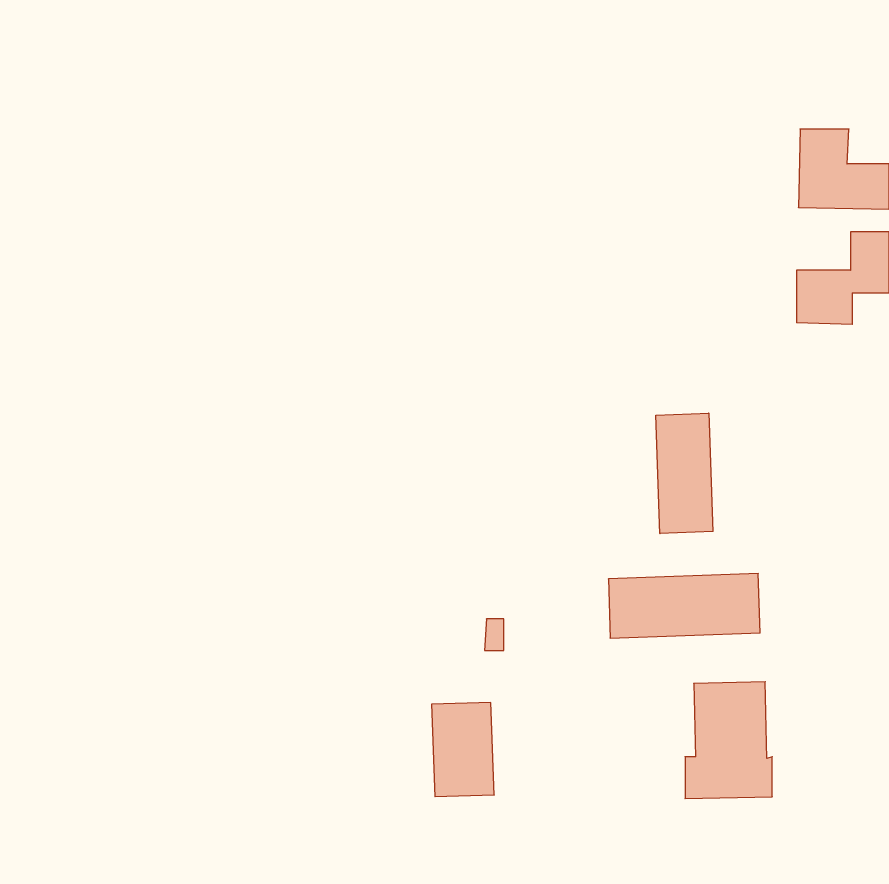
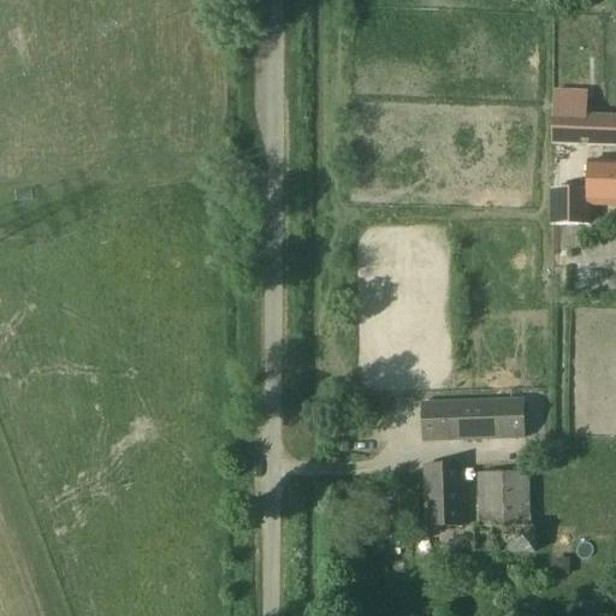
building: [656,413,713,534] -> none
building: [432,703,494,797] -> [422,461,466,526]

